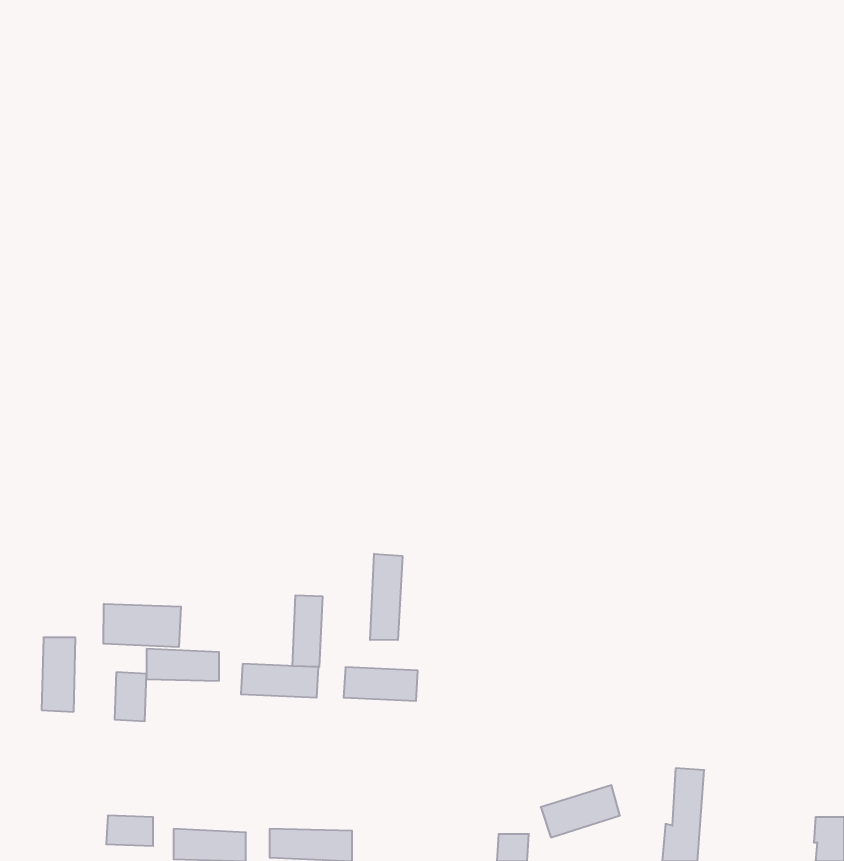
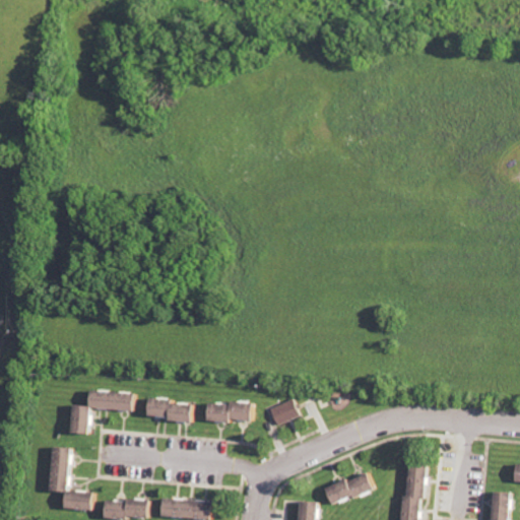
building: [370,554,402,640] -> none
building: [292,595,322,667] -> none
building: [103,604,181,647] -> none
building: [42,638,75,712] -> [48,448,68,493]
building: none -> [266,399,297,426]

